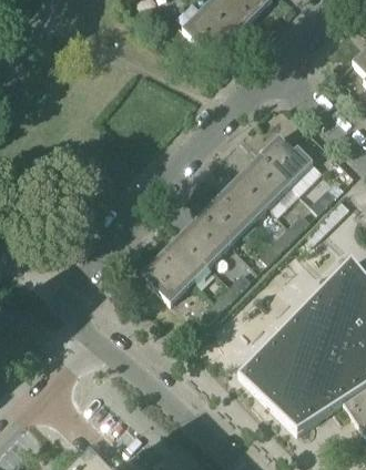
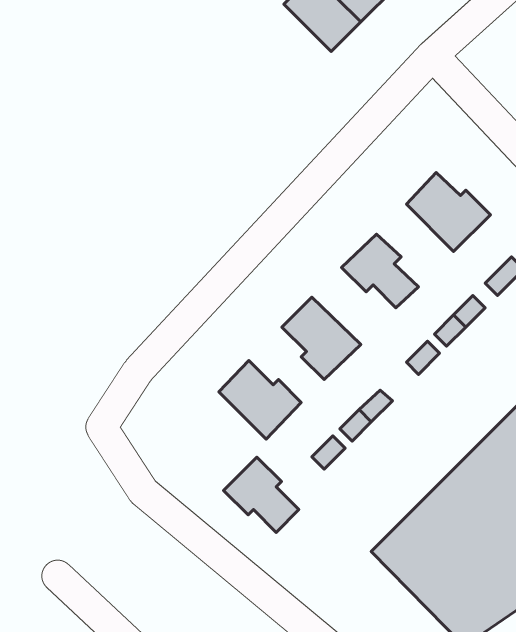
building: [243,152,292,204] -> none
building: [202,192,255,241] -> none
building: [162,229,210,277] -> [224,457,299,532]

